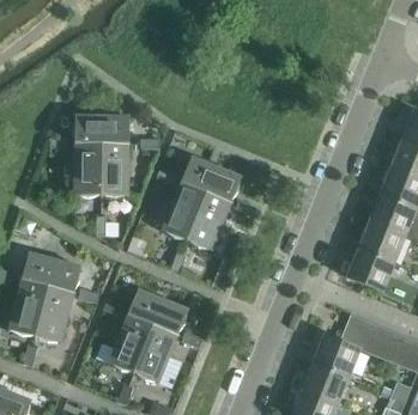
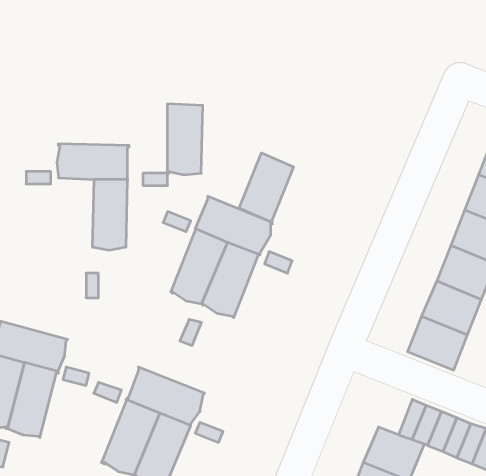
building: none -> [239,153,294,222]
building: [75,141,103,196] -> [167,104,203,175]

